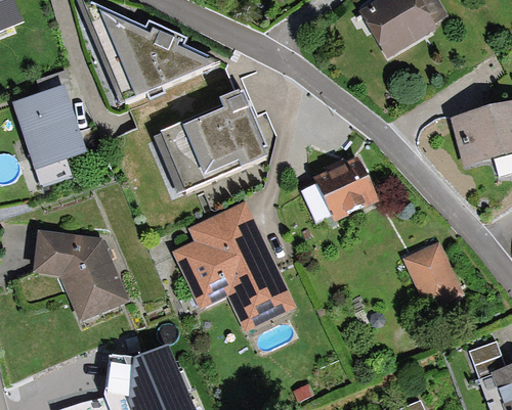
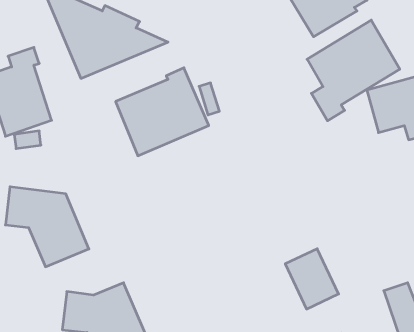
building: none -> [307,20,400,121]
building: [300,157,380,223] -> none
building: [171,200,298,333] -> none
building: [402,241,464,311] -> [285,249,339,309]

